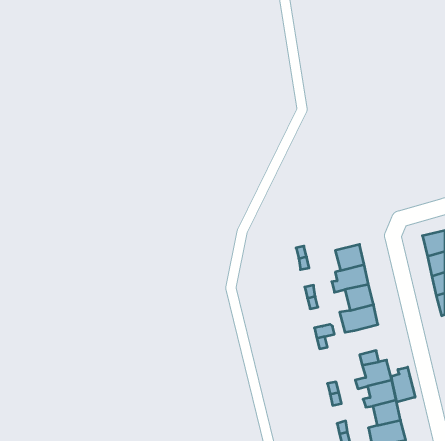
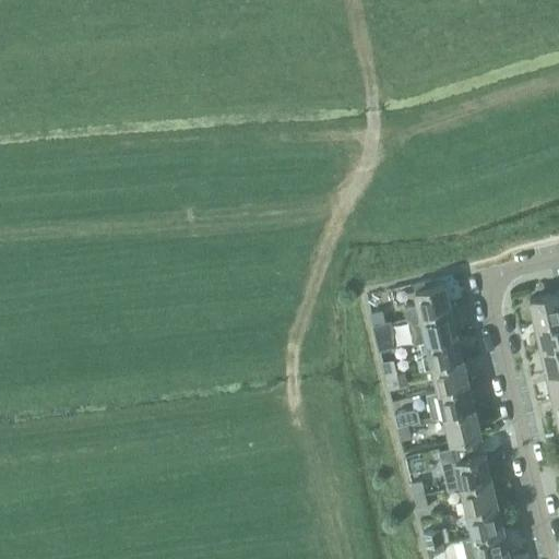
building: none -> [404,282,451,322]
building: none -> [444,412,480,443]
building: [391,367,415,402] -> none

